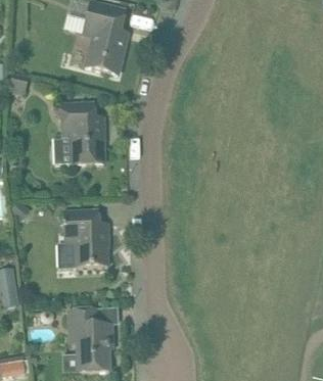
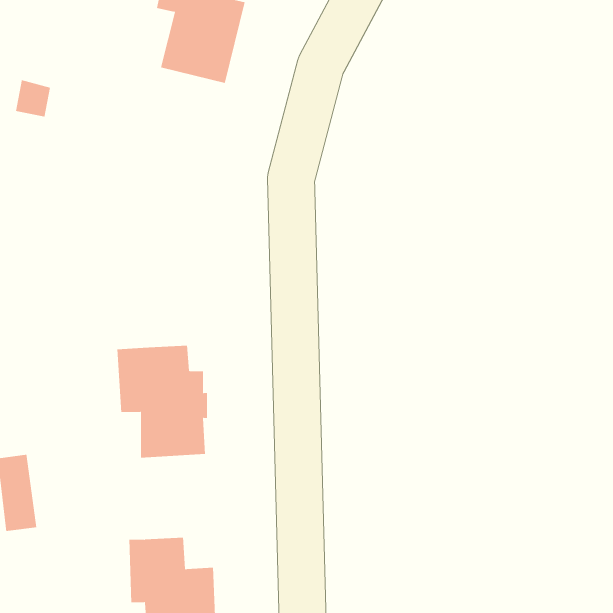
building: [60,103,104,164] -> none

